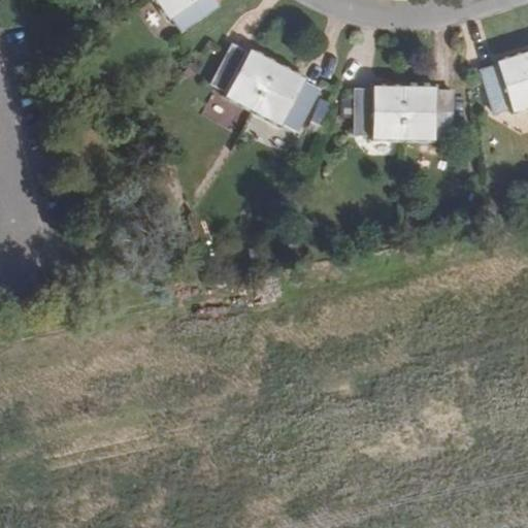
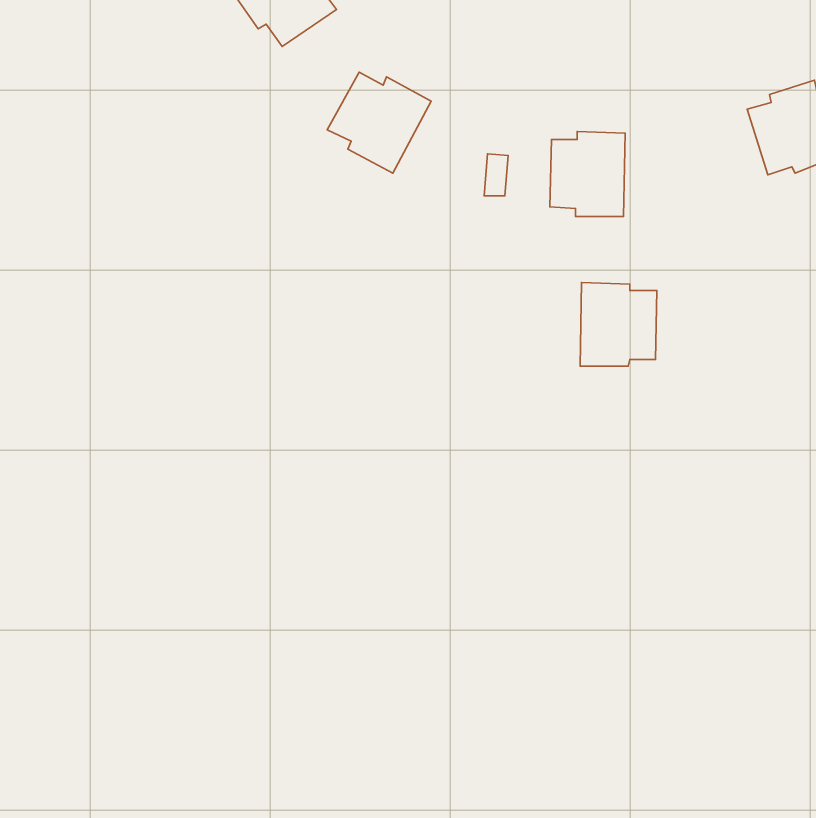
building: [255,65,318,128] -> none
building: [403,86,453,139] -> [580,283,657,366]

